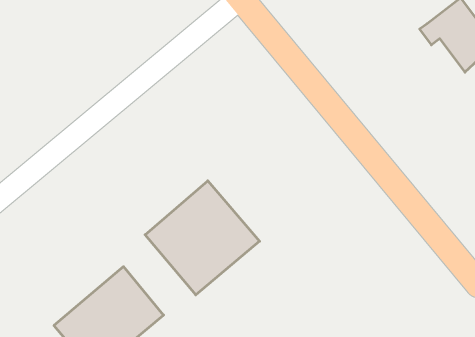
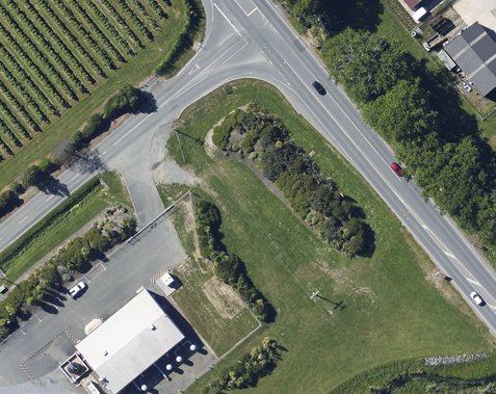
building: [145,181,260,295] -> none

